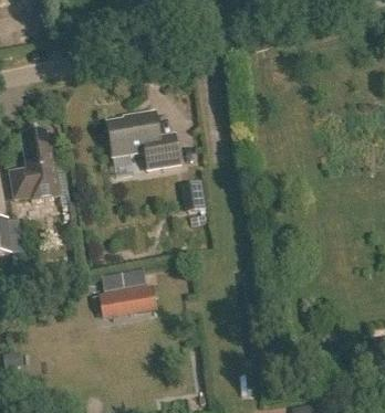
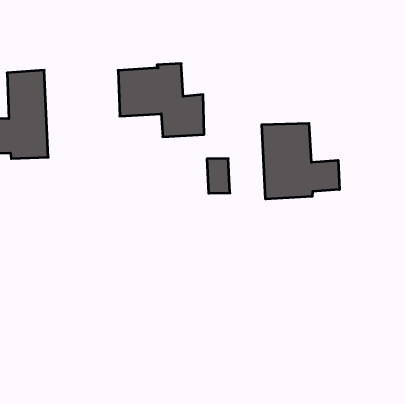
building: none -> [262,123,339,199]
building: [103,272,155,315] -> none

